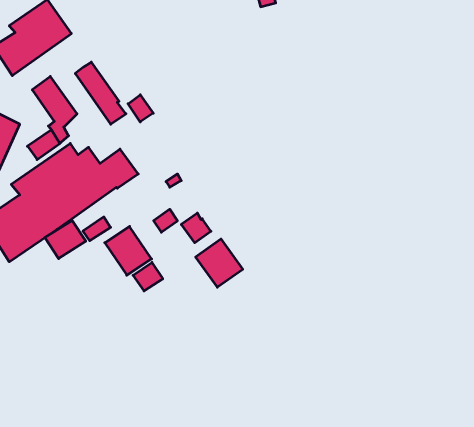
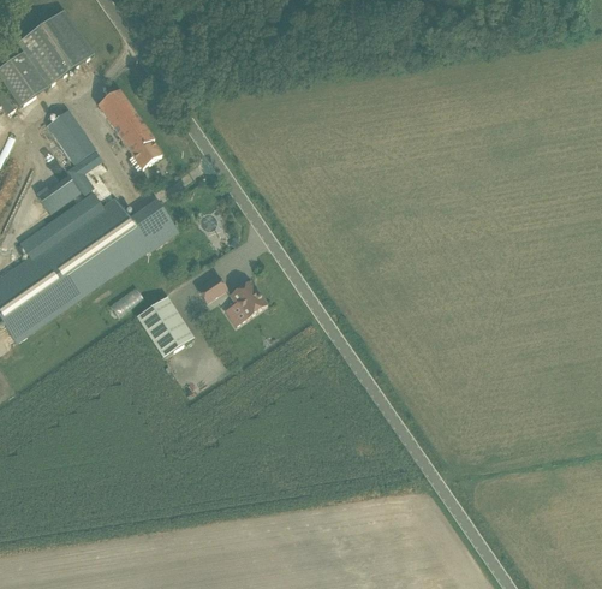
building: [128,95,153,122] -> none
building: [45,220,86,259] -> none
building: [196,239,243,287] -> none
building: [133,262,163,291] -> none

